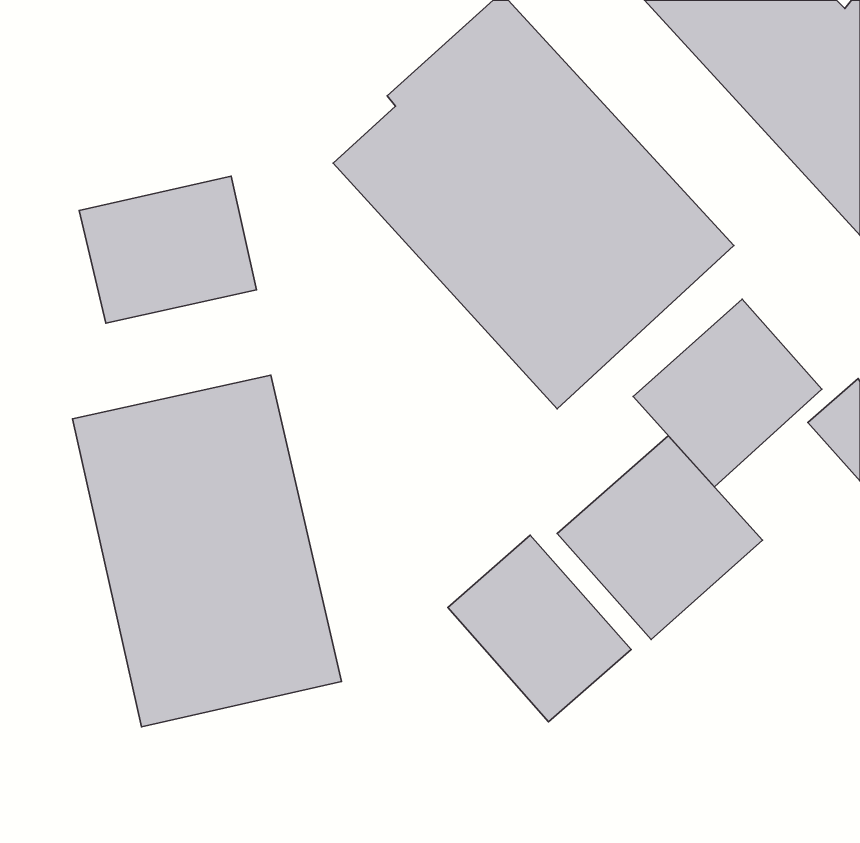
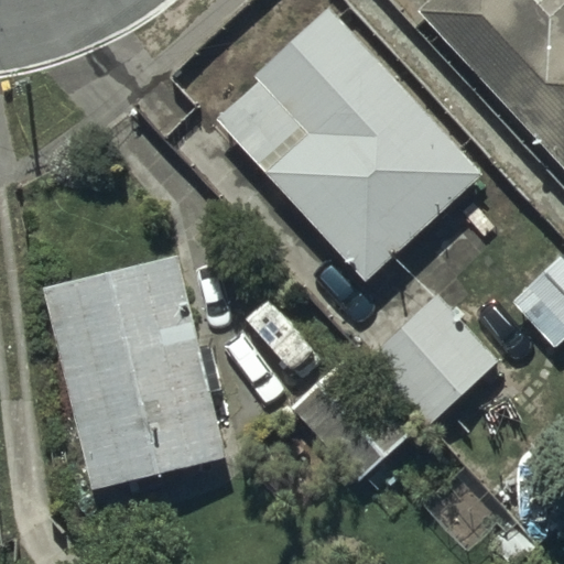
building: [79,176,257,323] -> none
building: [633,299,822,487] -> none

